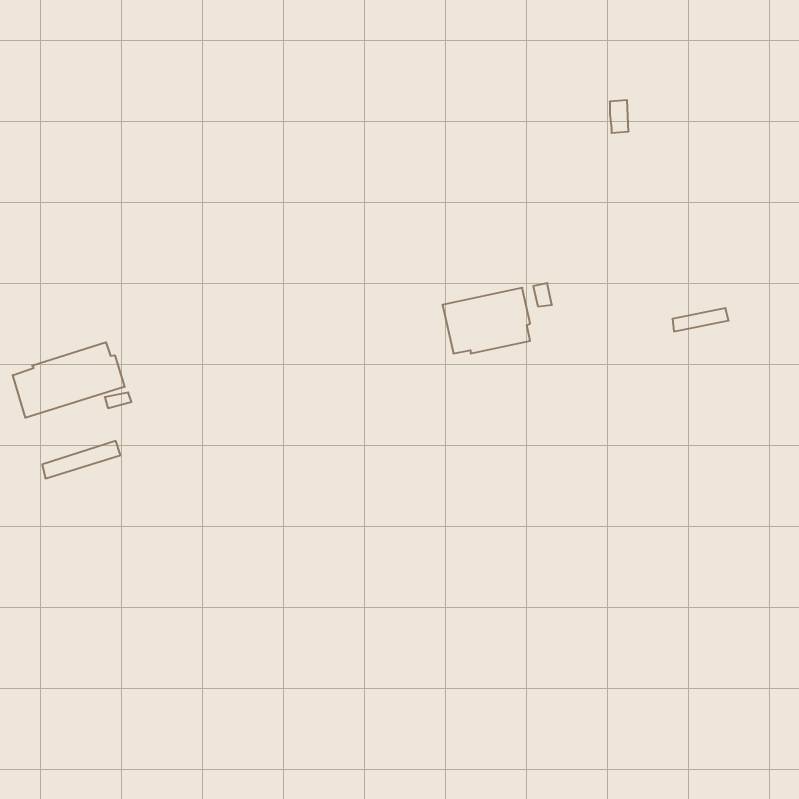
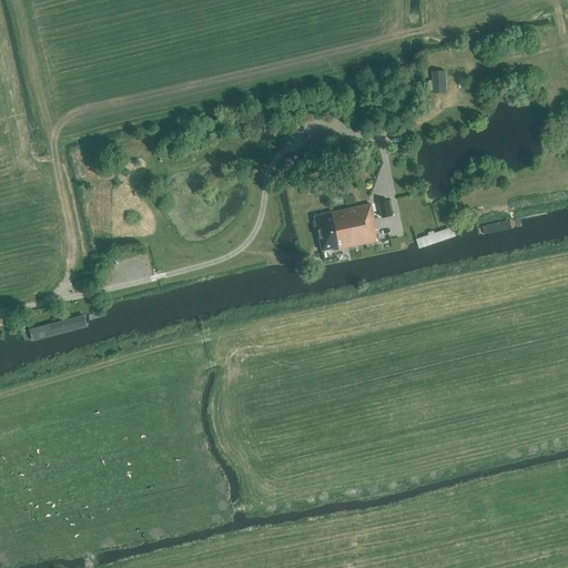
building: [13,342,125,418] -> none

